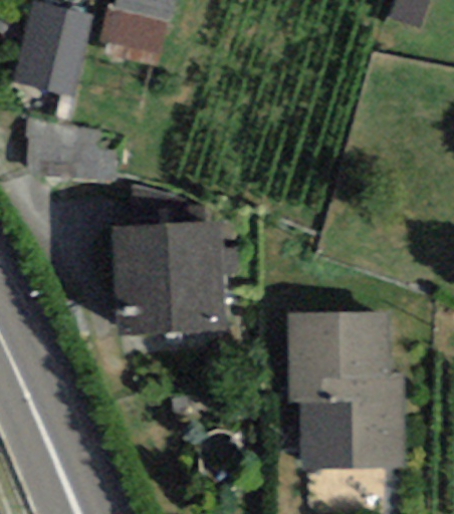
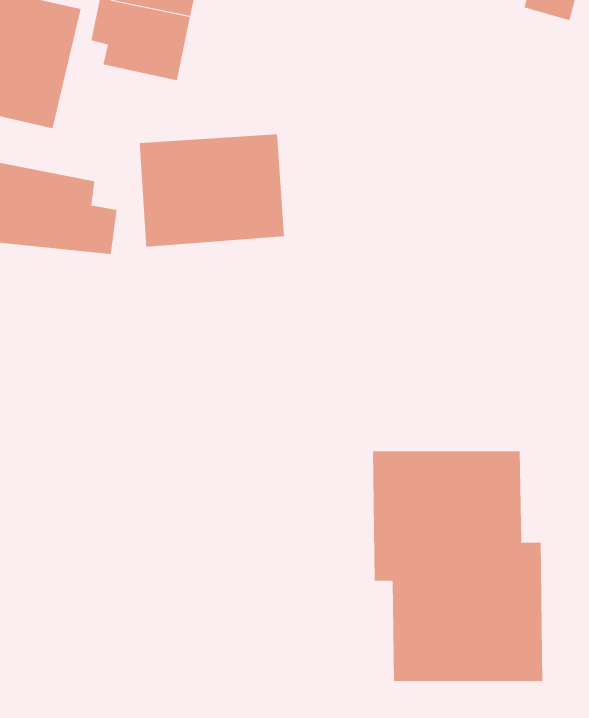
building: none -> [139,133,285,247]
building: [111,220,226,334] -> none

